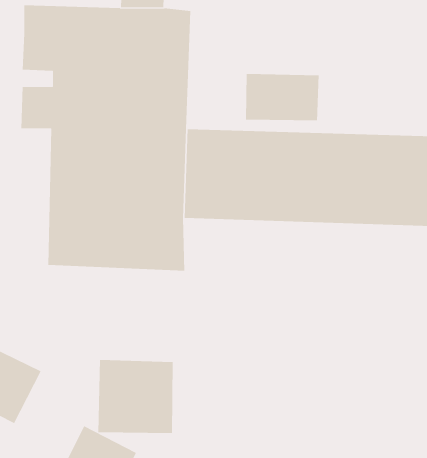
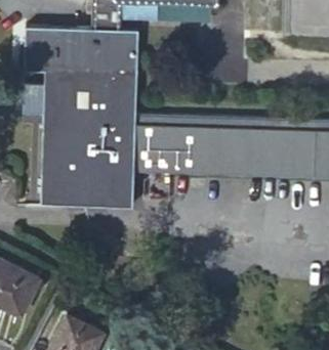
building: [246,73,319,121] -> none
building: [98,359,173,434] -> none

